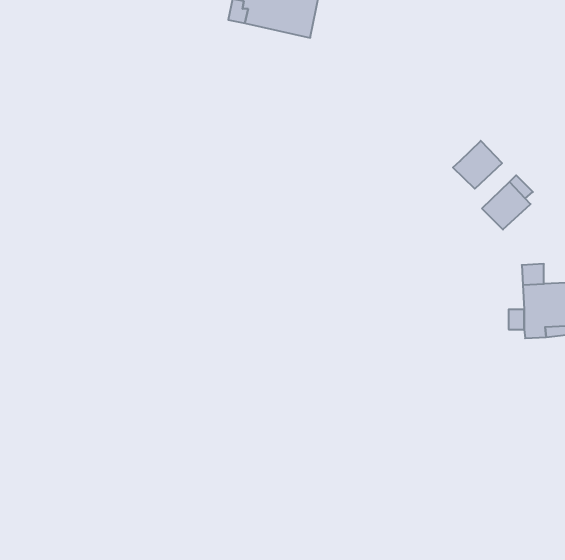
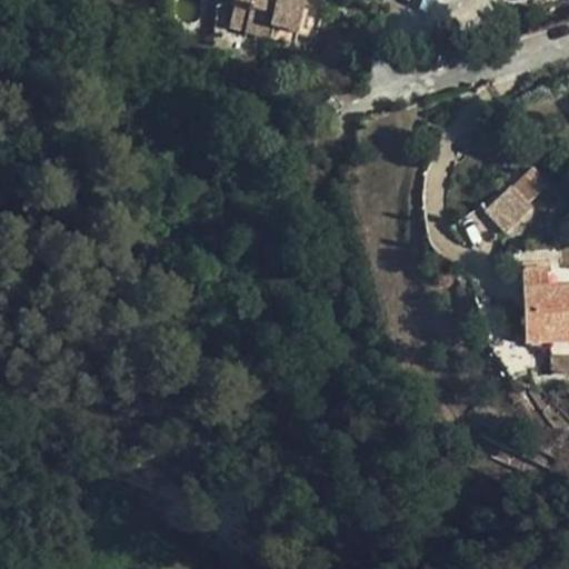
building: [453,141,502,189] -> none

